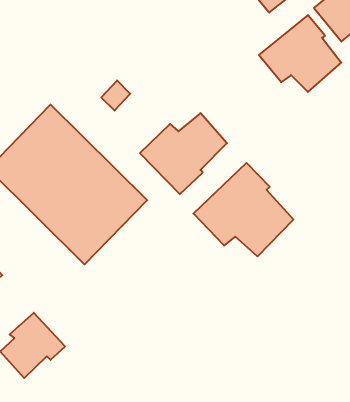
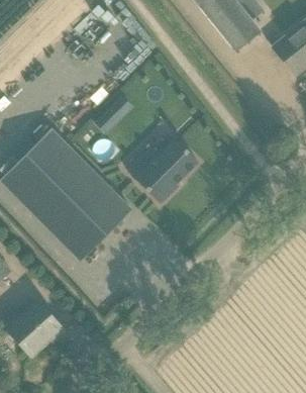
building: [259,15,341,92] -> none
building: [193,163,293,256] -> none

